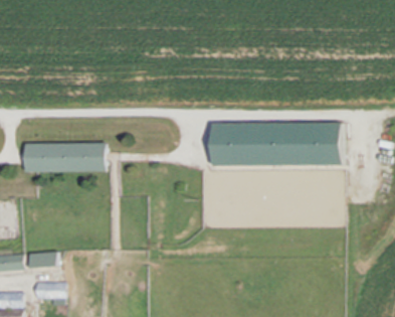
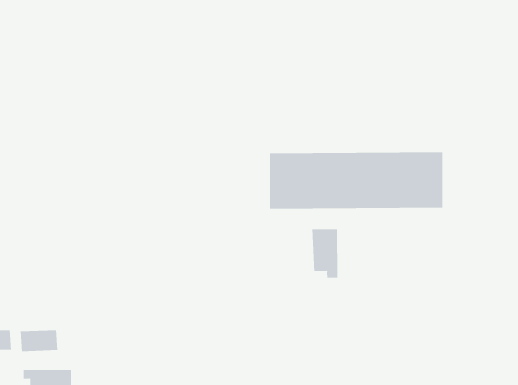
building: [25,144,104,170] -> none
building: none -> [312,229,338,279]

